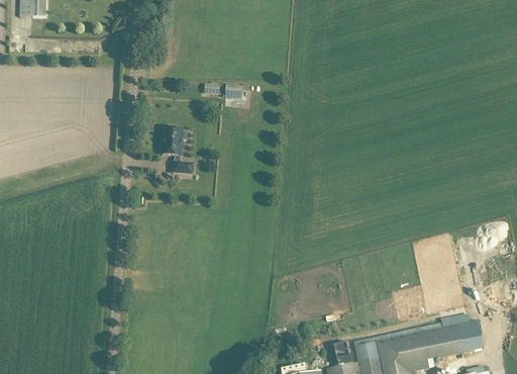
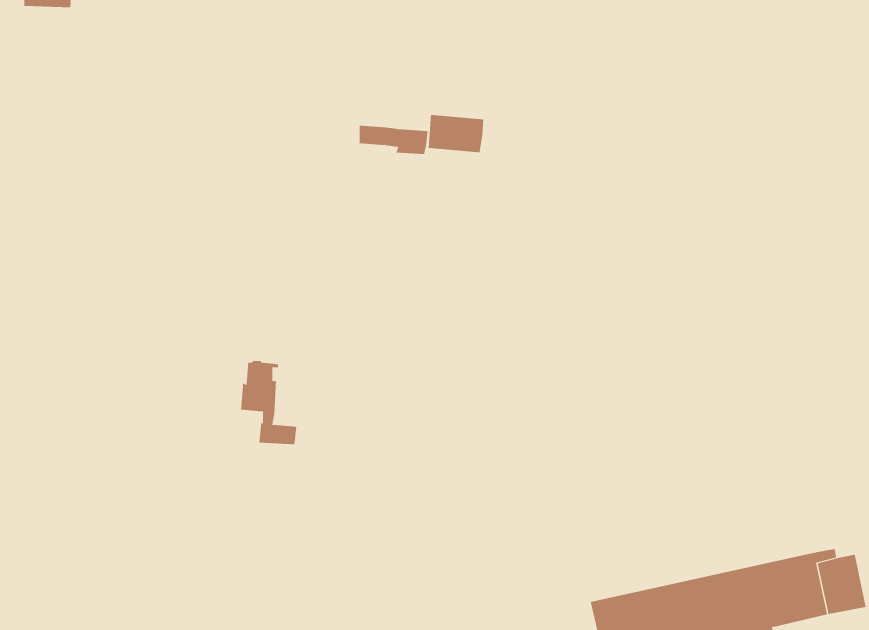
building: none -> [428,114,484,153]
building: [162,127,193,174] -> [240,360,297,445]

